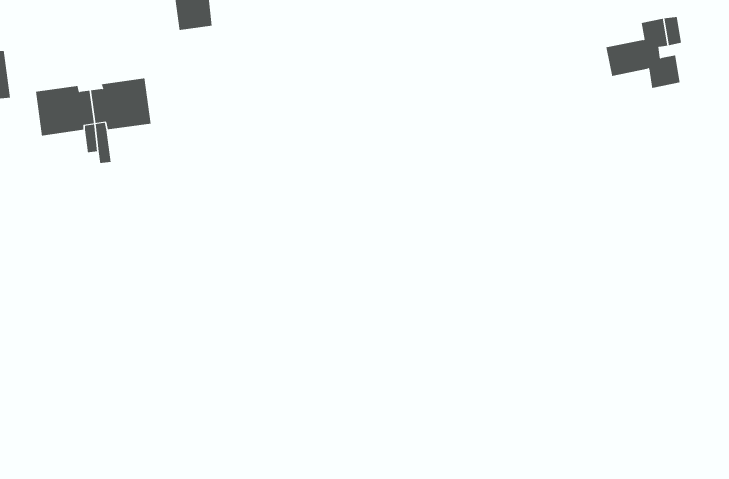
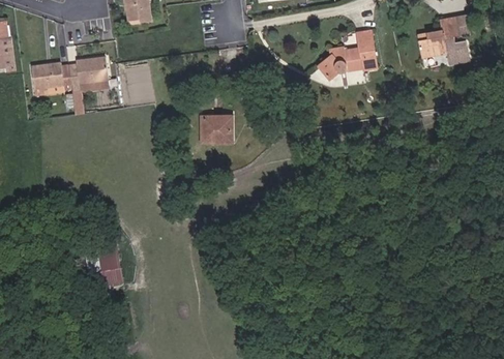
building: none -> [319,29,376,79]
building: none -> [202,117,231,141]
building: none -> [101,253,124,286]

